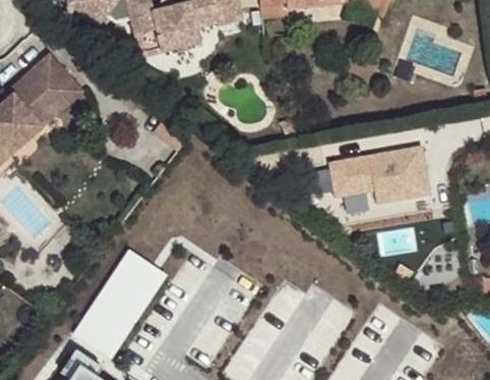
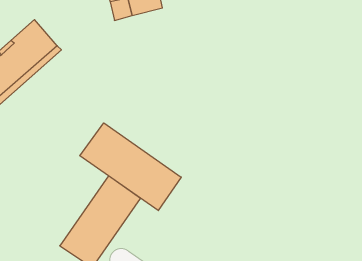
building: [325,144,429,205] -> none
building: none -> [80,123,181,211]

